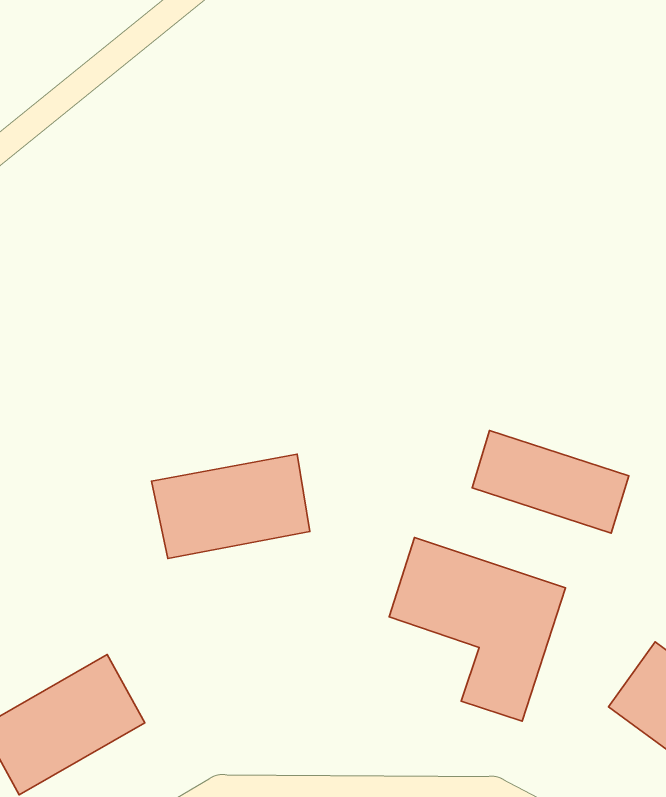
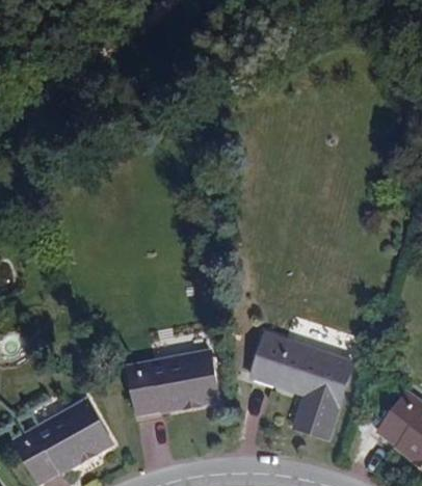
building: [472,431,629,533] -> none
building: [152,454,310,558] -> [127,352,218,412]

